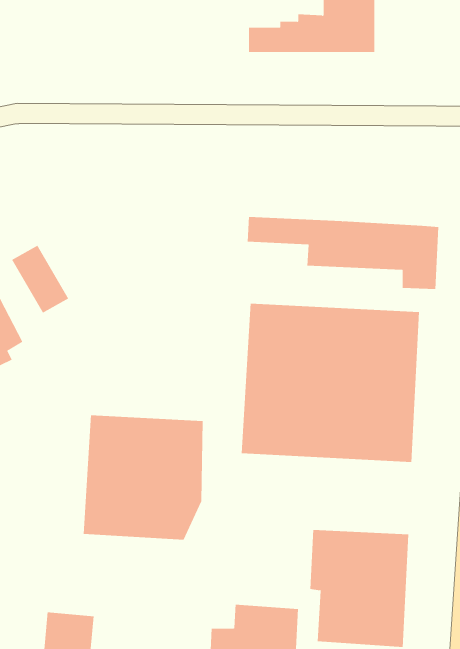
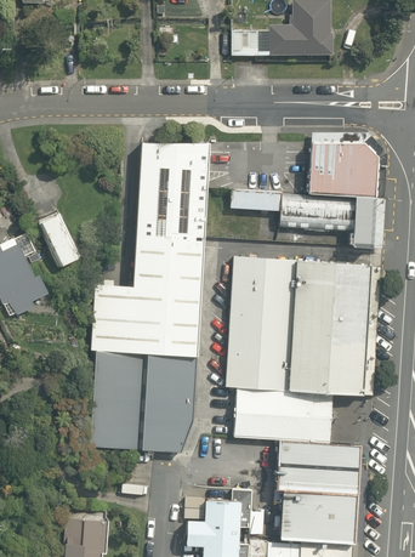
building: none -> [306,132,374,195]
building: none -> [101,142,204,354]
building: none -> [234,390,329,441]

